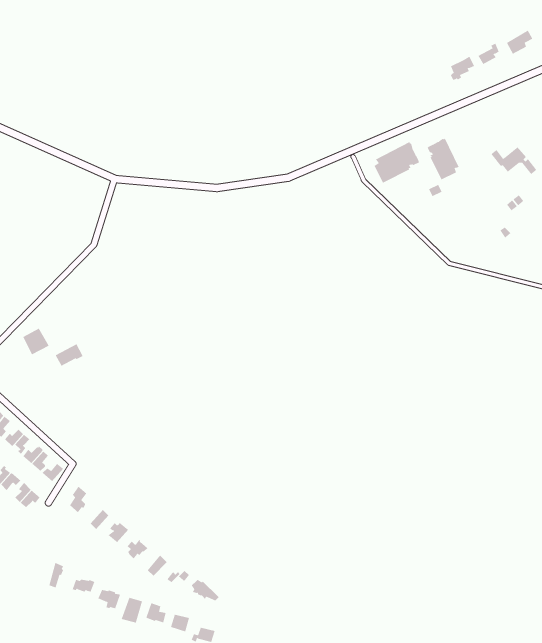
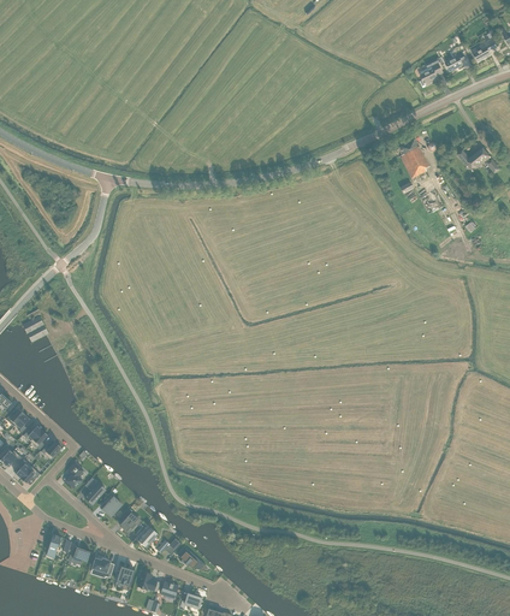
building: [374,141,419,183] -> none

